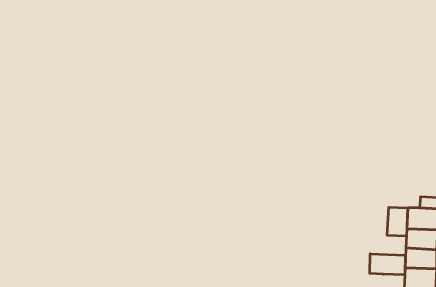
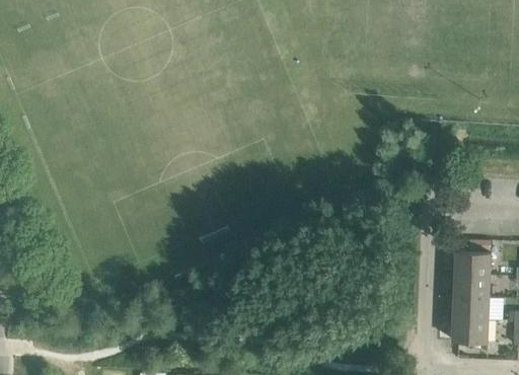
building: [387,207,407,236] -> none
building: [370,254,405,275] -> none

